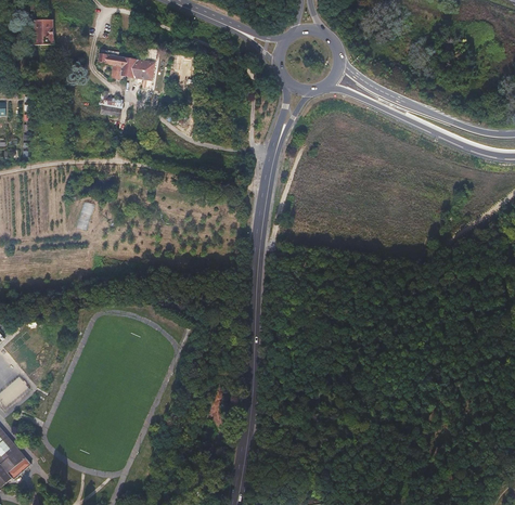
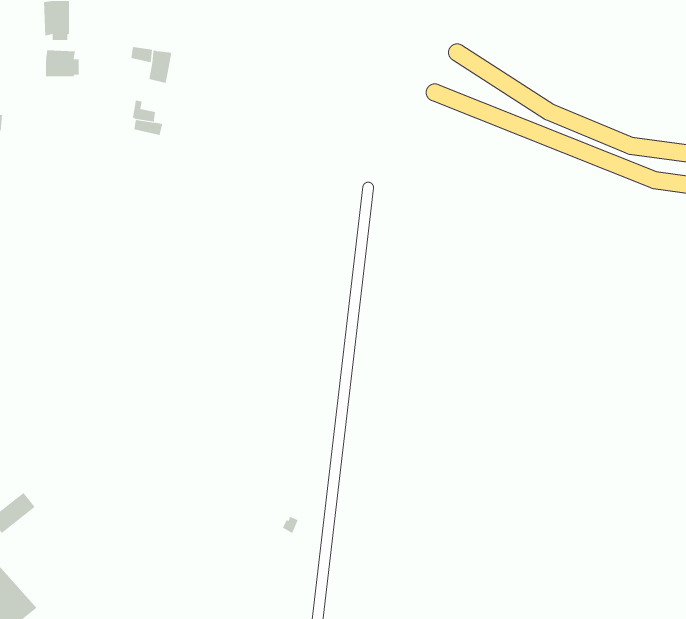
building: none -> [46,49,79,77]
building: [126,57,155,79] -> none

